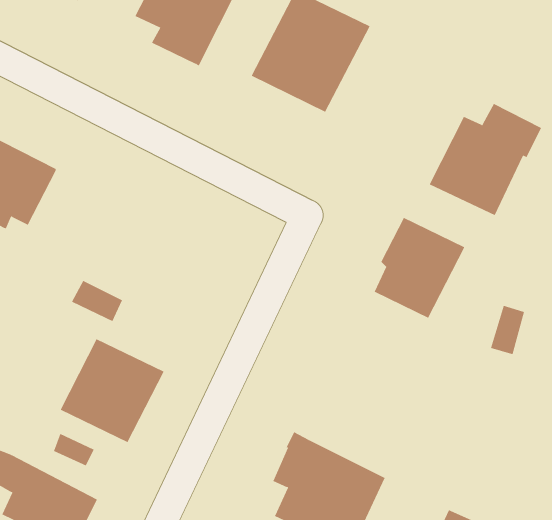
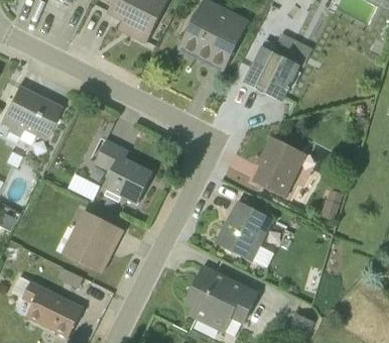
building: [429,103,542,216] -> [242,32,310,101]
building: none -> [93,138,152,204]
building: none -> [215,199,274,262]

